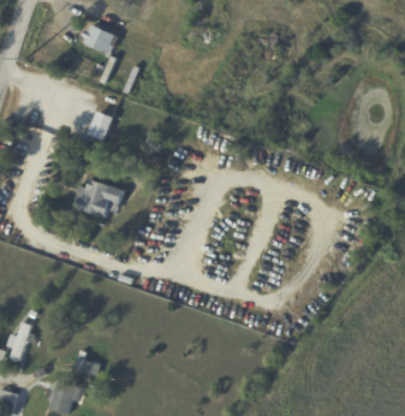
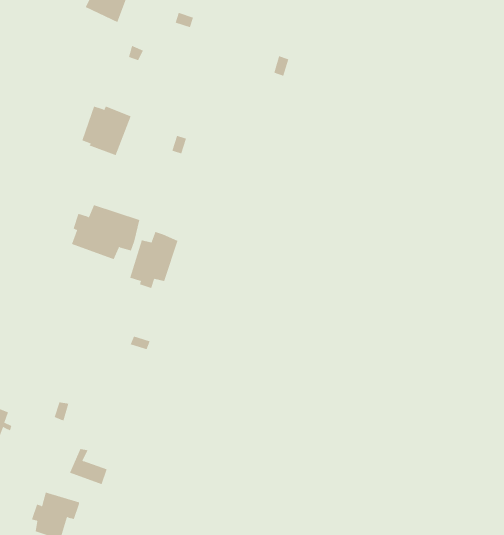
building: none -> [129,231,178,289]

